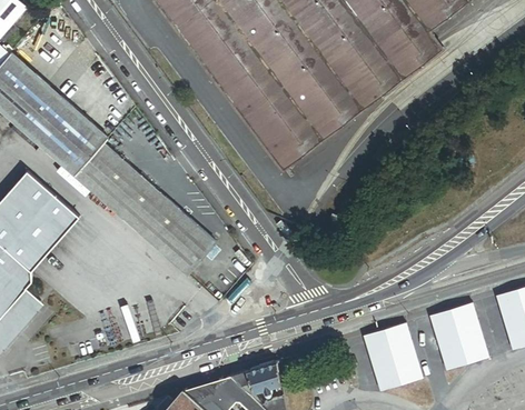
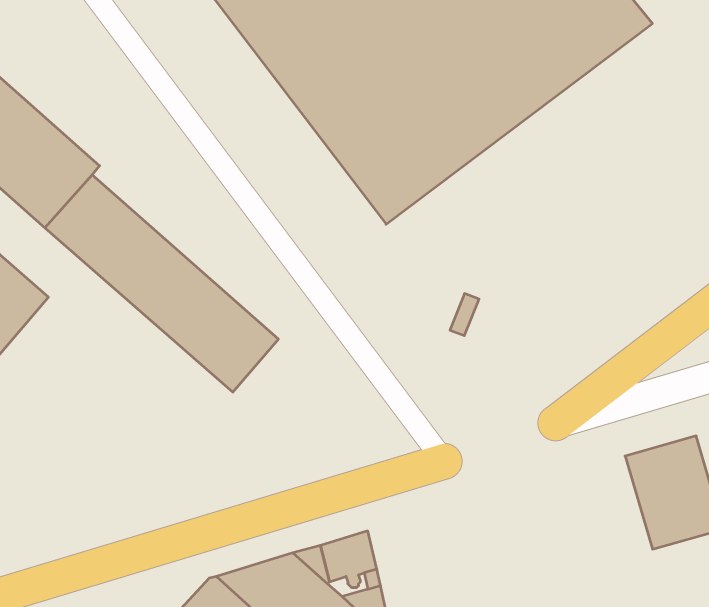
building: [365,323,425,392] -> none

